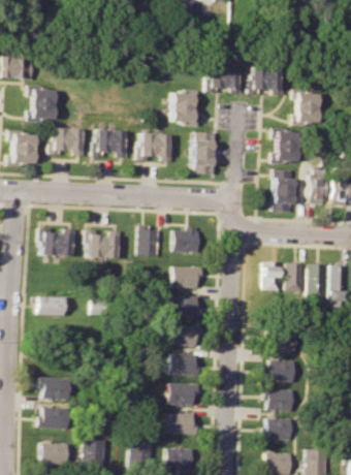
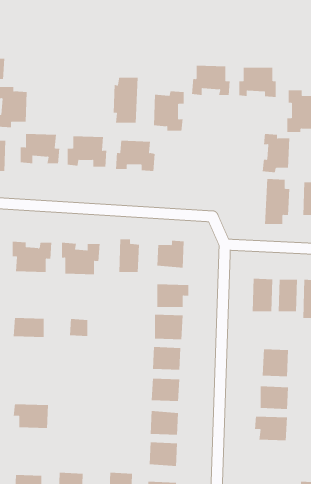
building: [192,133,216,176] -> [113,77,139,123]
building: [41,407,74,429] -> none
building: [267,418,294,440] -> none

